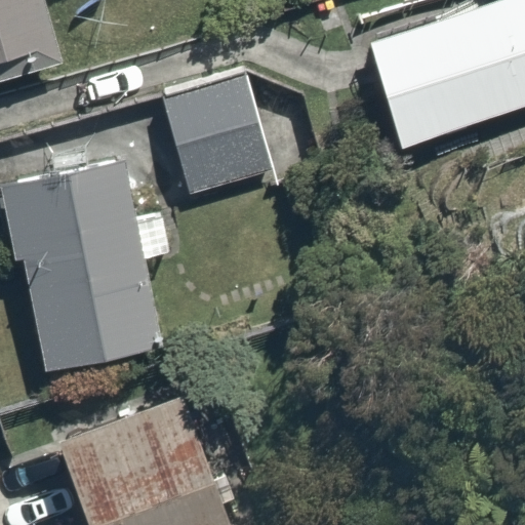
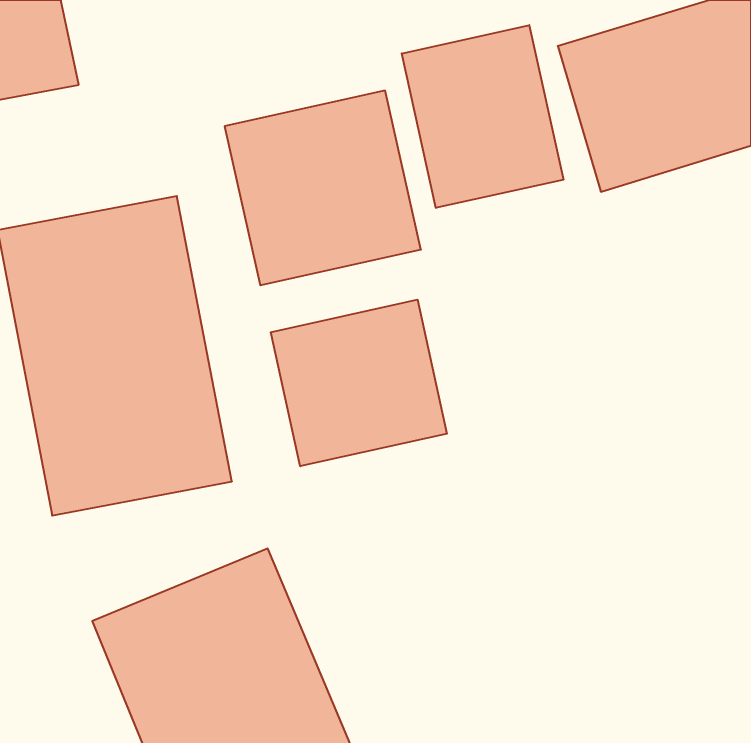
building: none -> [402,25,563,208]
building: none -> [271,300,447,466]

